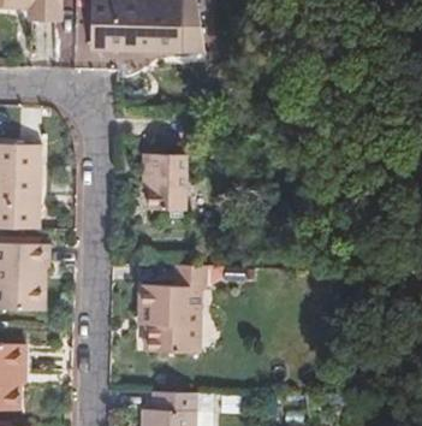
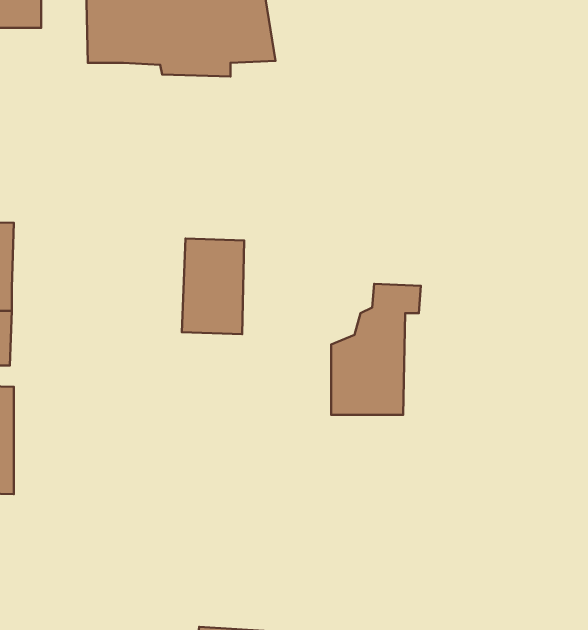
building: [150,267,206,348] -> [331,284,421,415]

